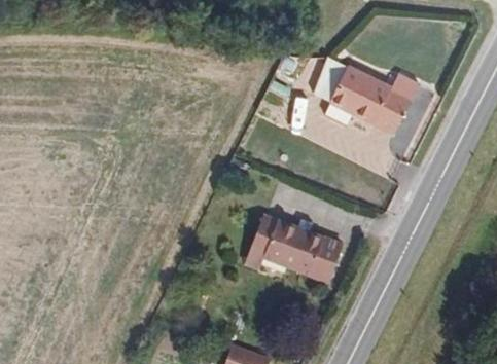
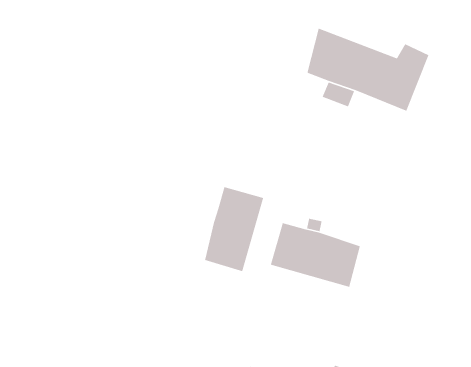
building: none -> [204,186,264,272]

